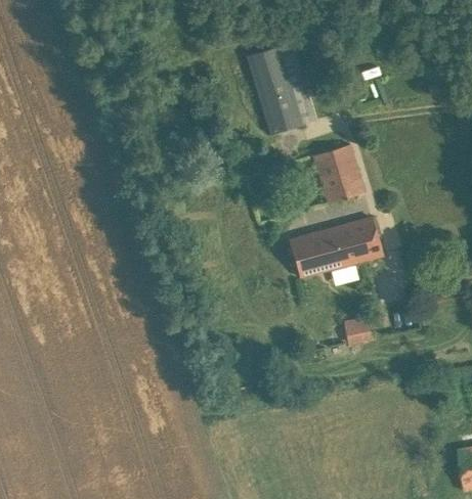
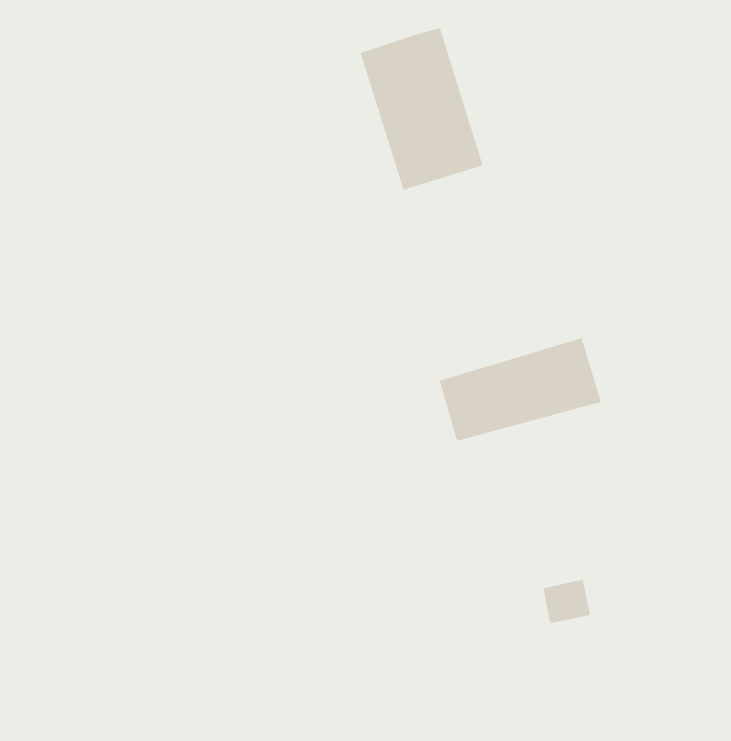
building: [314,144,364,202] -> none
building: [345,317,373,343] -> [542,579,591,624]

